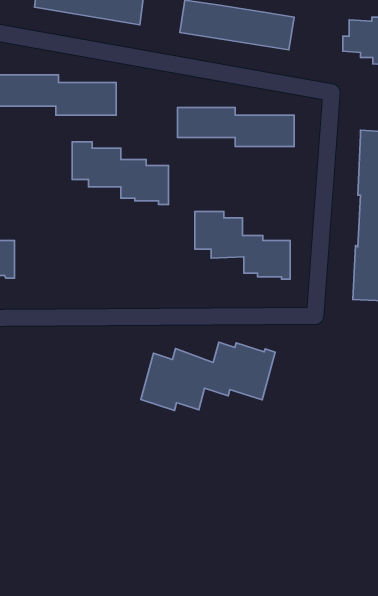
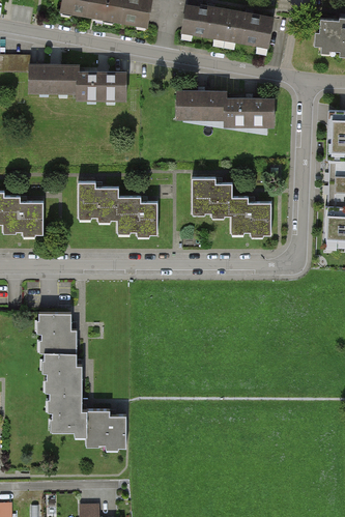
building: [72,142,169,204] -> [79,182,159,234]
building: [141,342,275,410] -> none
building: none -> [41,314,125,447]

